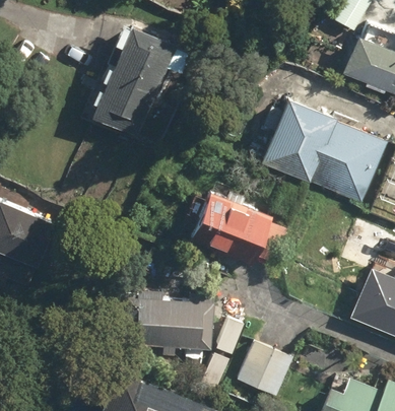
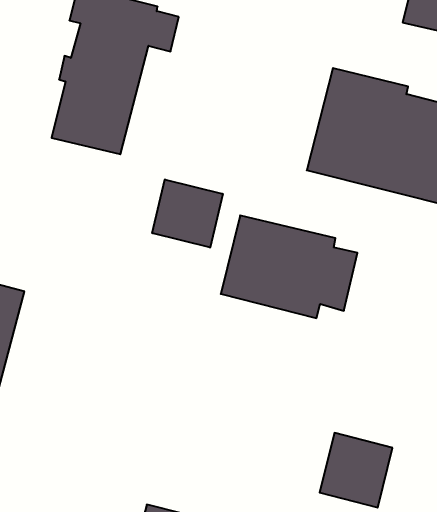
building: none -> [152,179,223,248]
building: [122,289,216,357] -> none

